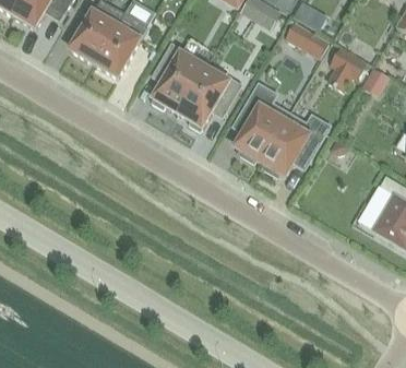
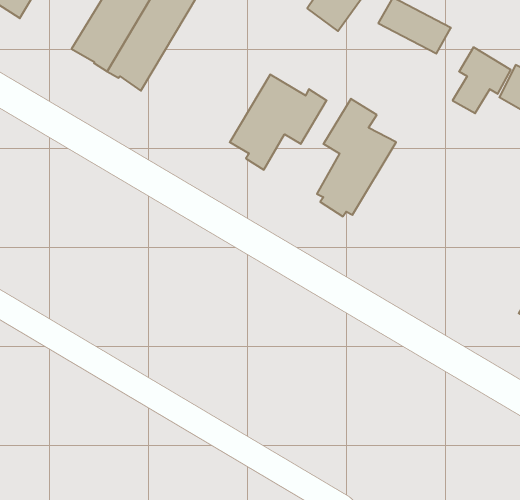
building: [151,40,204,111] -> none
building: [260,111,330,176] -> none

